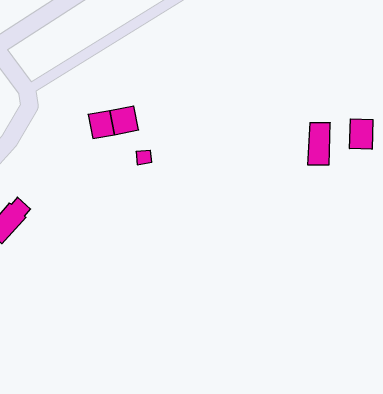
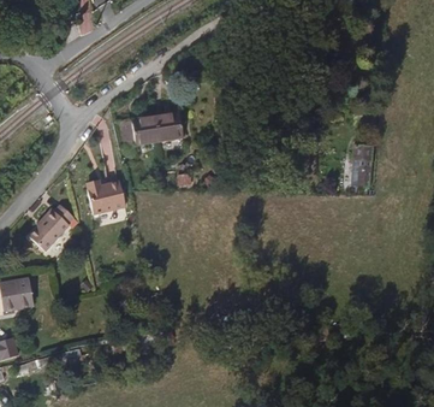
building: [350,119,373,149] -> none
building: none -> [85,181,124,213]

